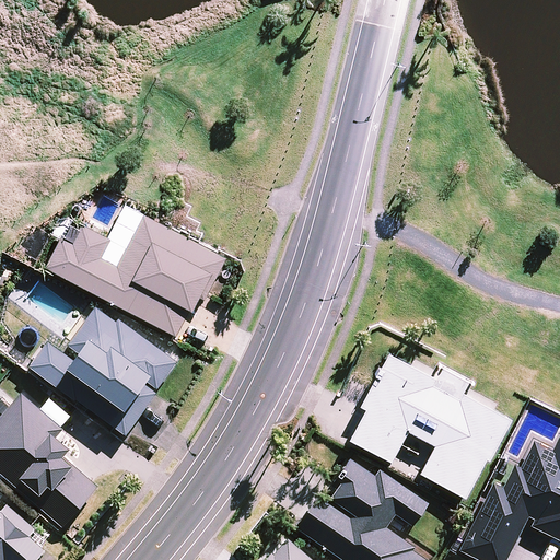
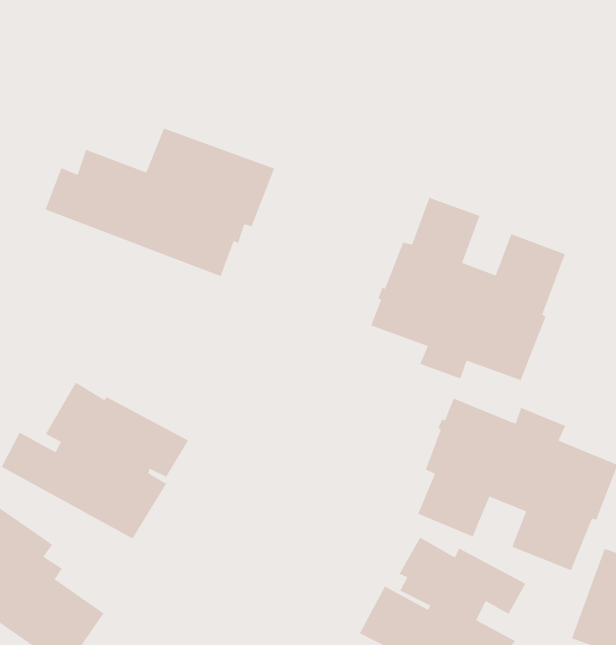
building: none -> [370,197,566,381]
building: [45,215,228,337] -> [45,127,275,277]

